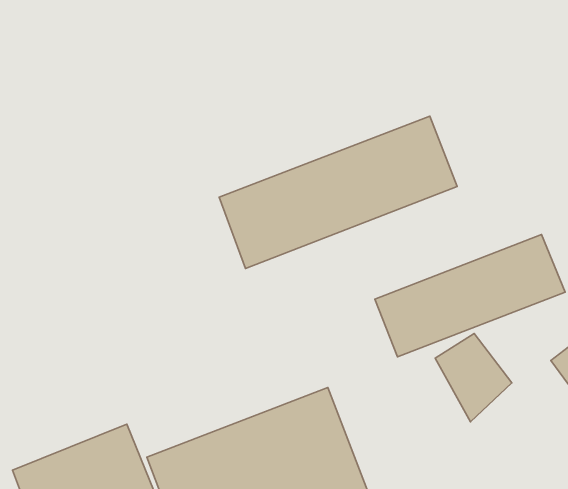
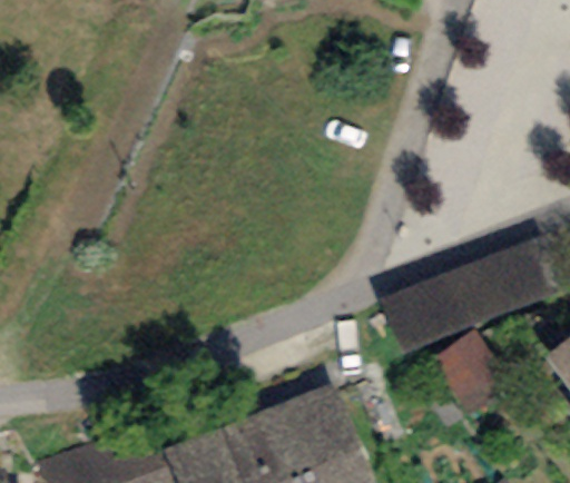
building: [219,116,457,269] -> none

